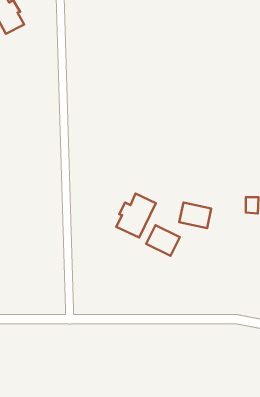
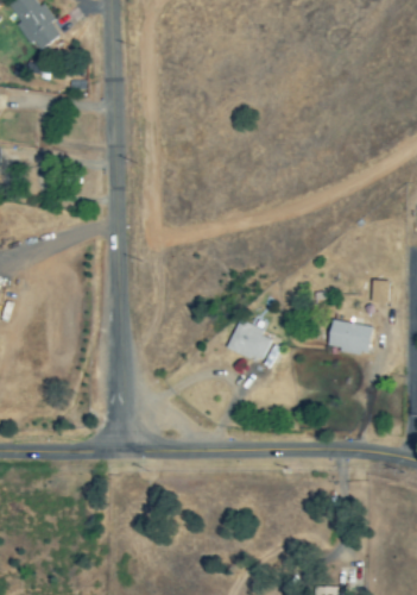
building: [116,194,156,237] -> none
building: [179,203,211,228] -> [334,318,379,353]

